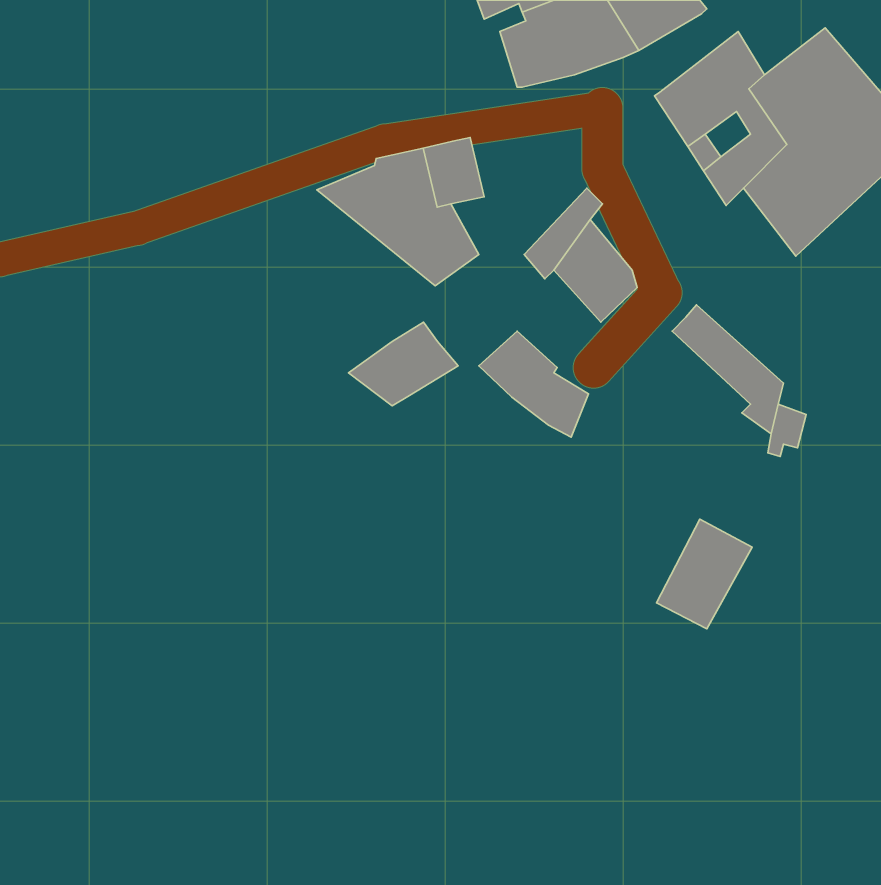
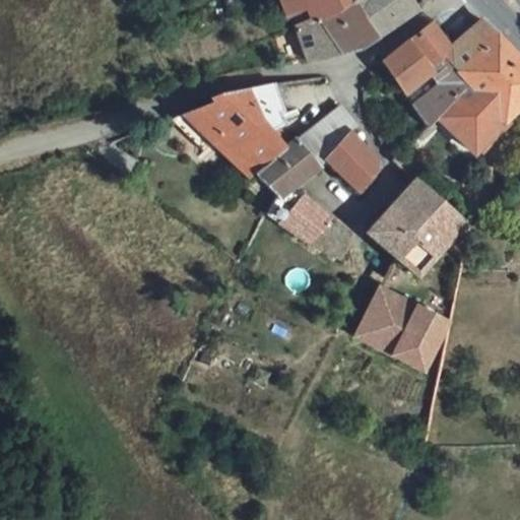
building: [349,322,458,406] -> [259,140,323,189]
building: none -> [367,196,443,272]
building: none -> [353,287,413,354]

